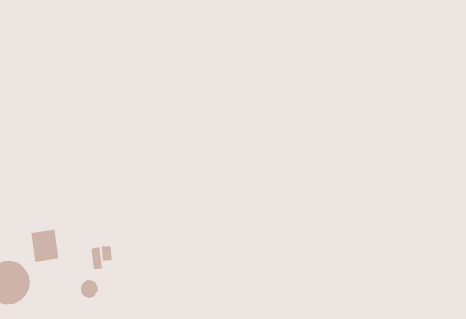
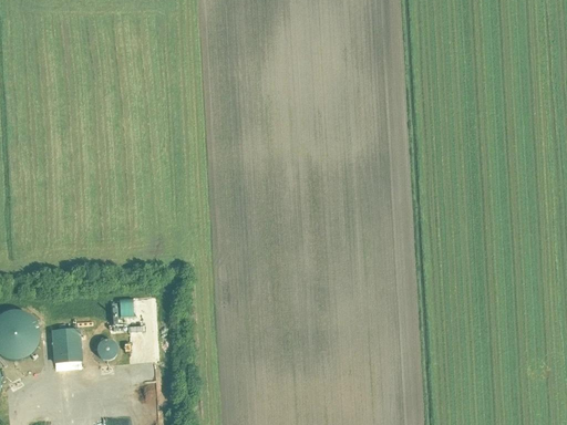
building: [30,229,59,262] -> [50,326,81,363]

